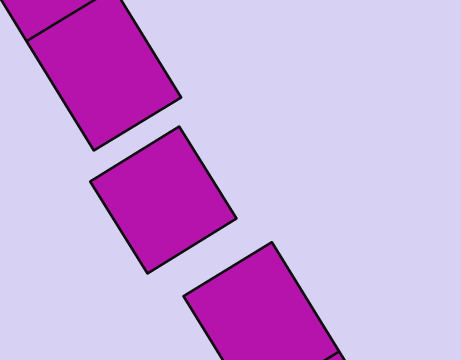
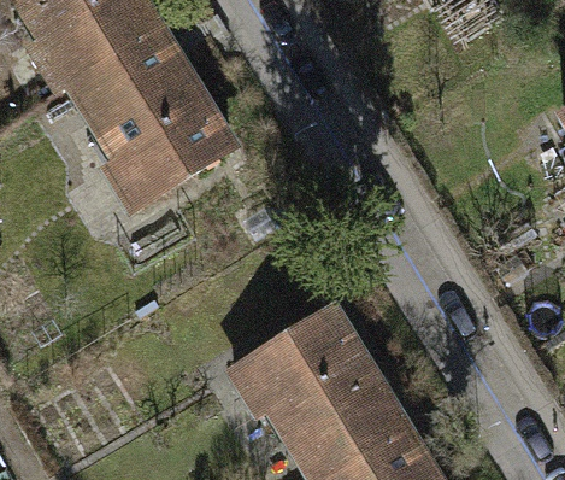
building: [90,127,237,274] -> none

